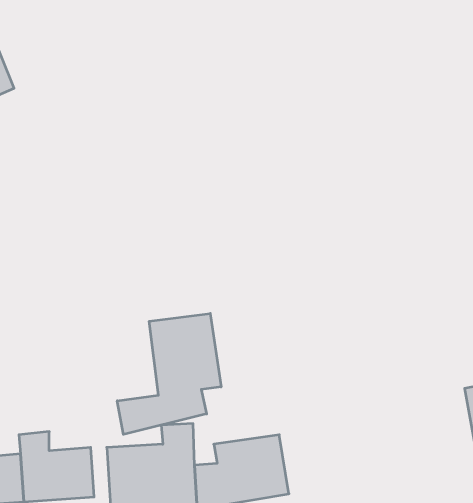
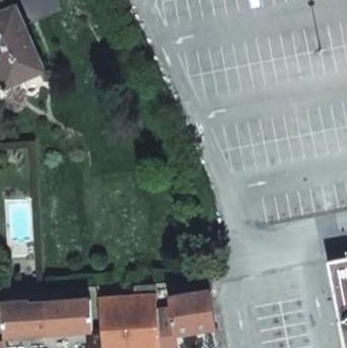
building: [117,313,221,434] -> none

